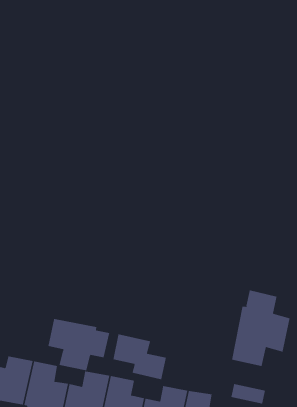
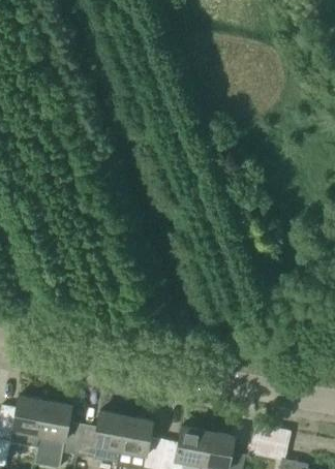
building: [231,290,290,367] -> none
building: [48,318,110,371] -> none
building: [113,334,166,380] -> none

